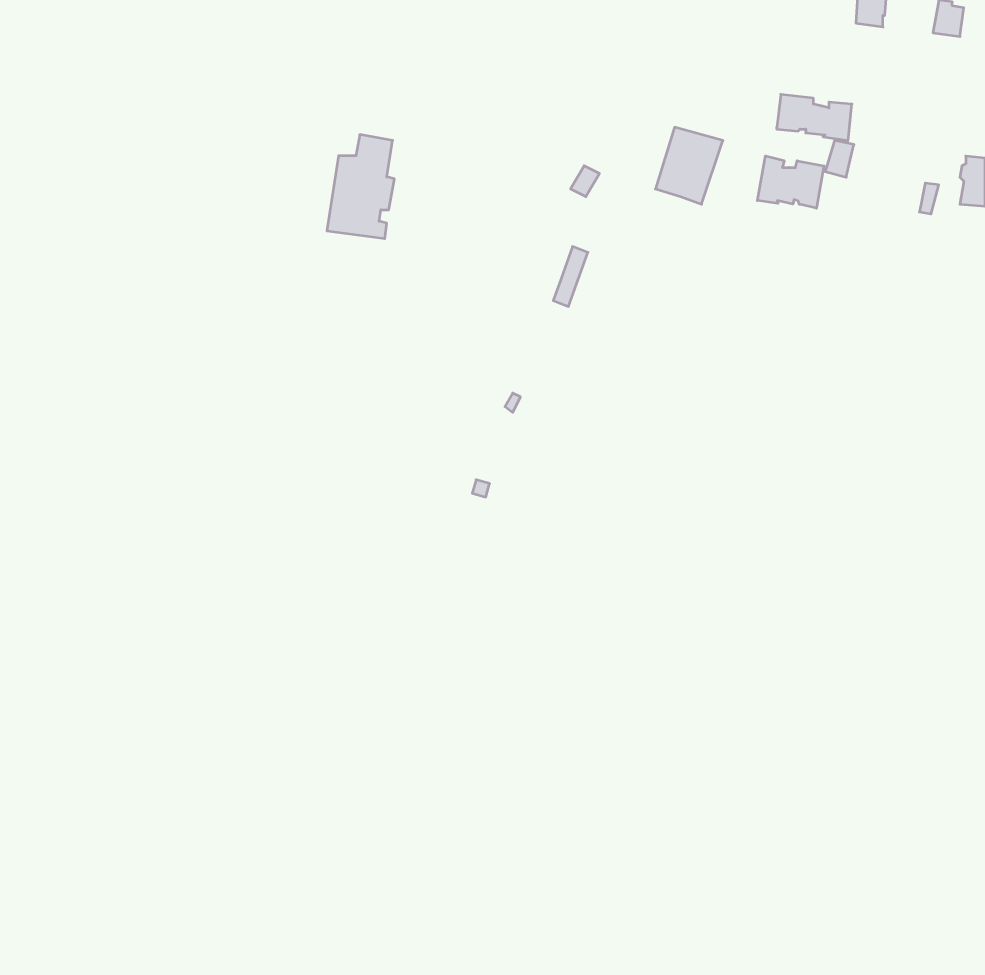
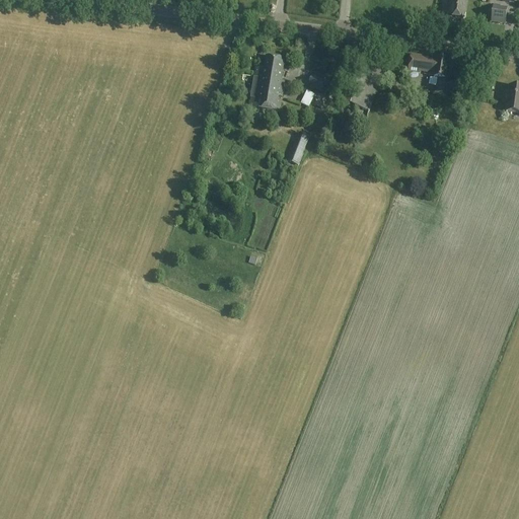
building: [327,135,394,239] -> [249,54,285,108]
building: [757,156,824,208] -> none

